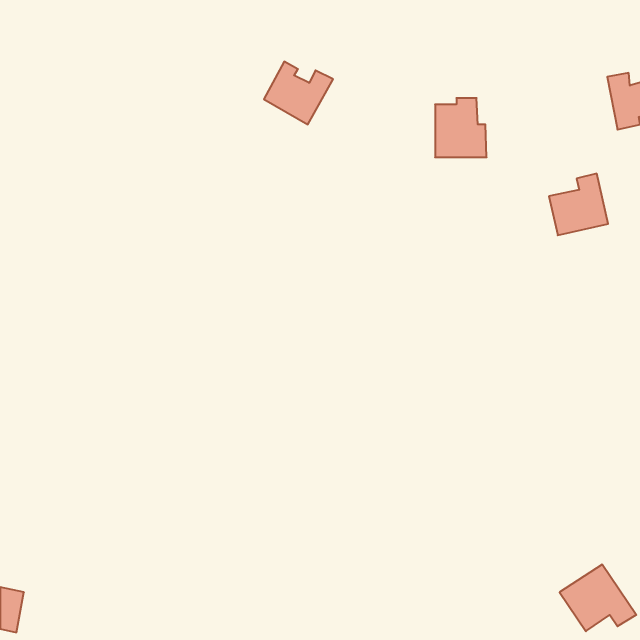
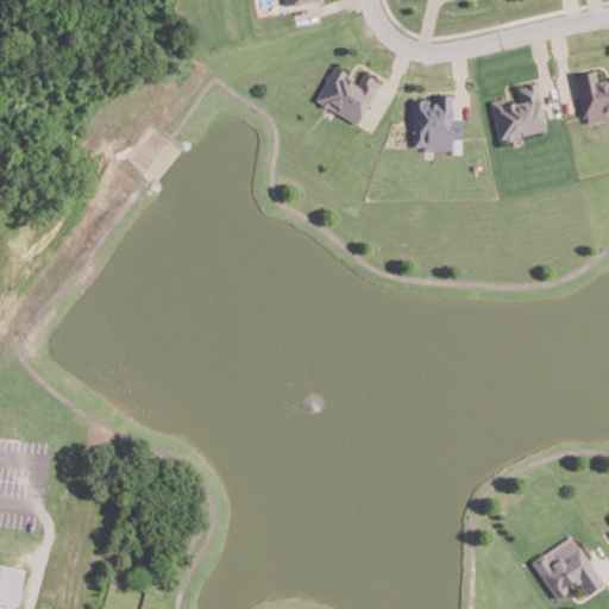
building: [264,62,333,124] -> [316,65,382,125]
building: [549,174,608,235] -> [491,83,547,142]

